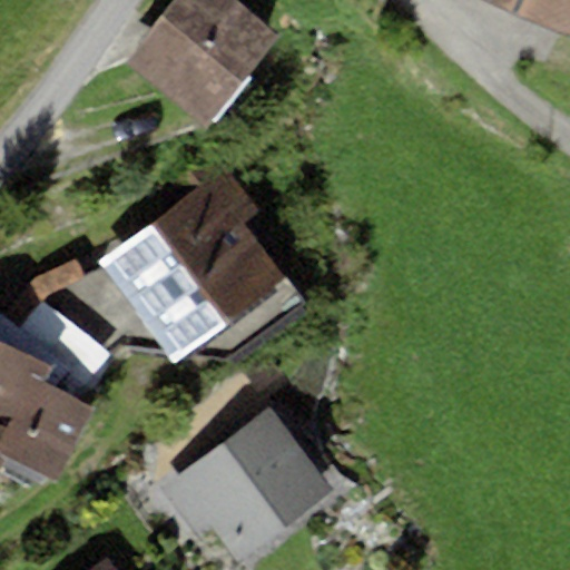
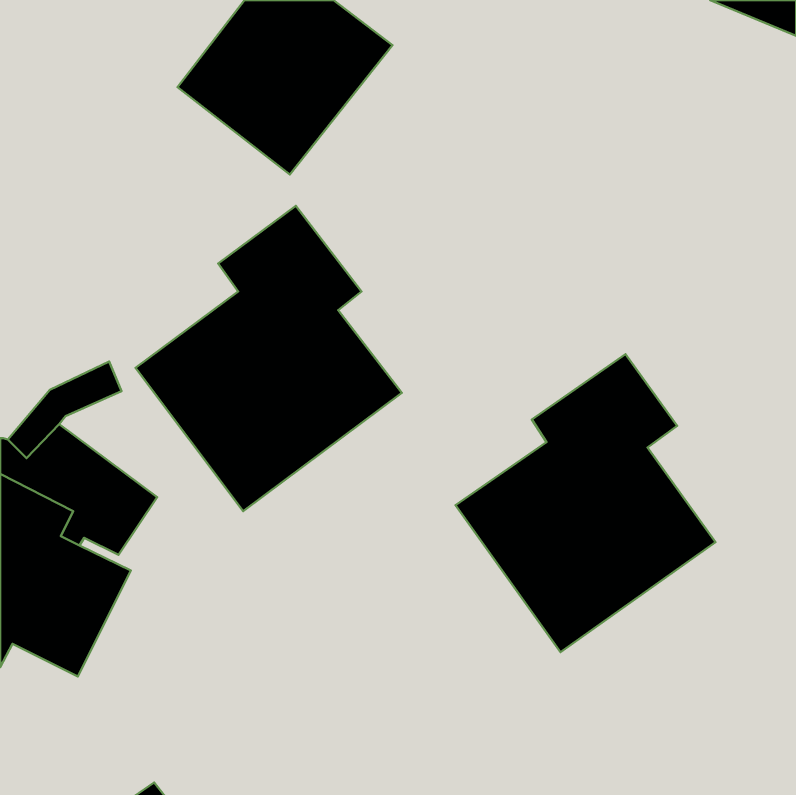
building: none -> [456,354,715,652]
building: [158,405,335,562] -> none

